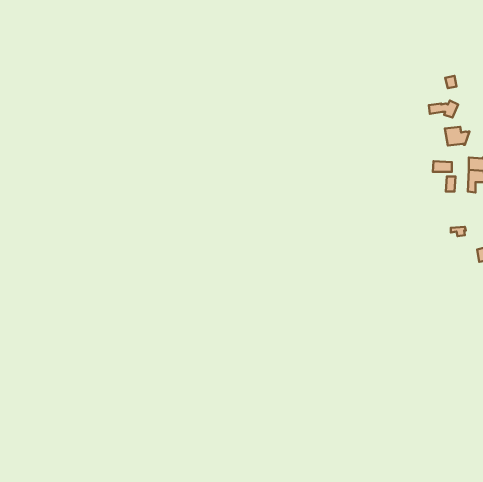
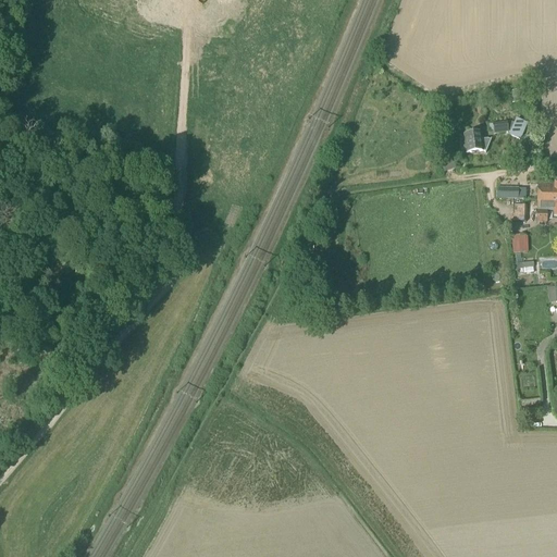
building: [445,127,470,146] -> [465,129,493,151]

